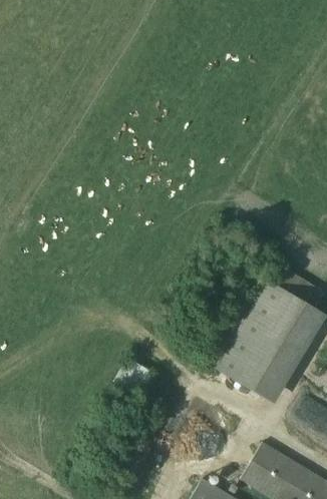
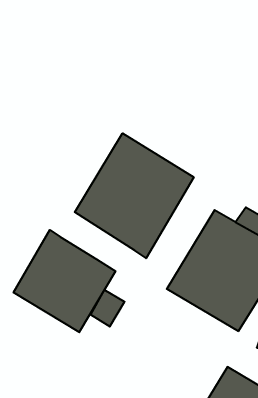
building: none -> [75,133,194,258]
building: none -> [14,230,115,332]

